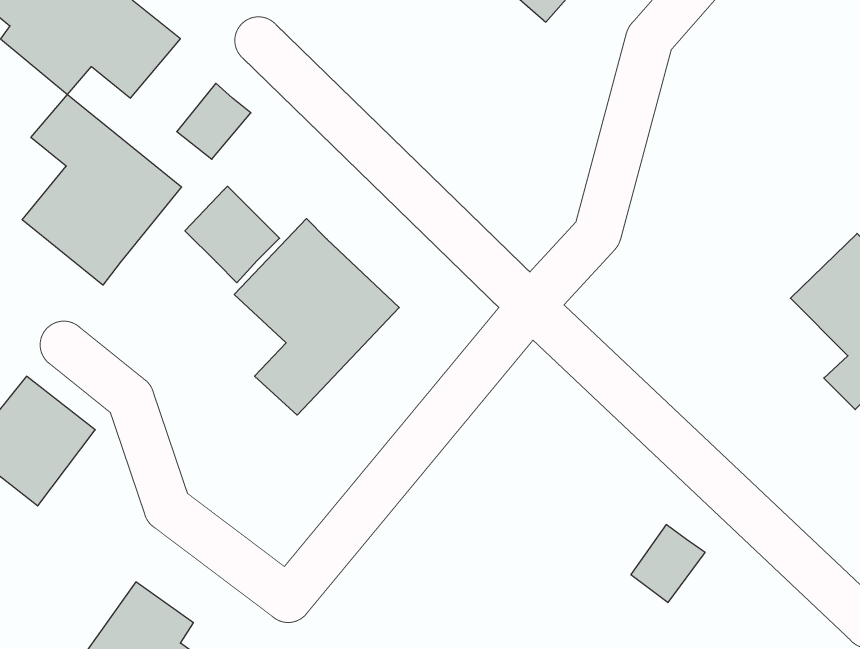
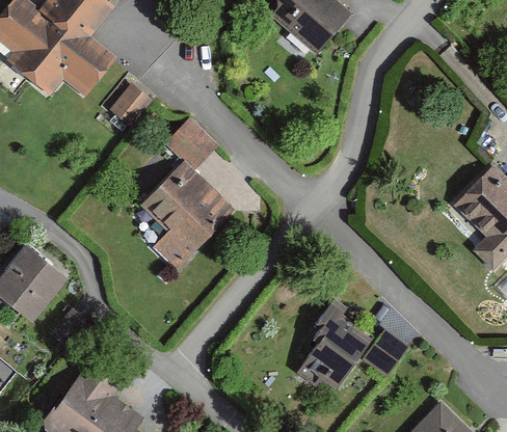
building: [22,94,182,285] -> none
building: [185,186,280,283] -> [165,117,218,171]
building: none -> [297,298,373,389]

